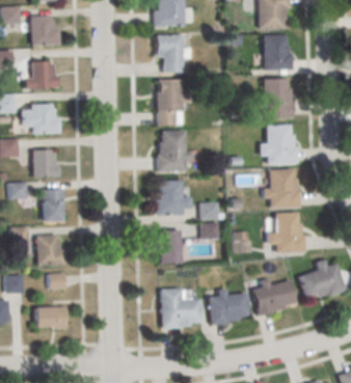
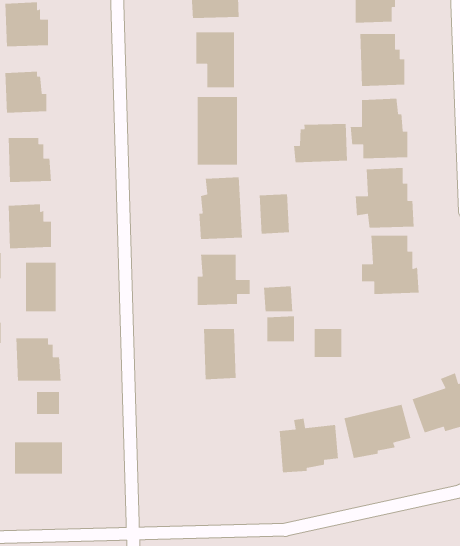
building: none -> [293,123,348,163]
building: none -> [259,193,290,234]
building: [268,213,306,254] -> none
building: [161,289,201,330] -> none

